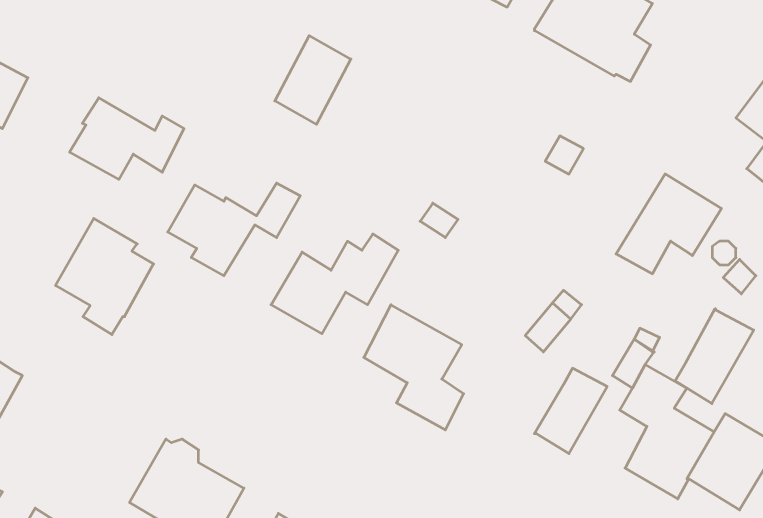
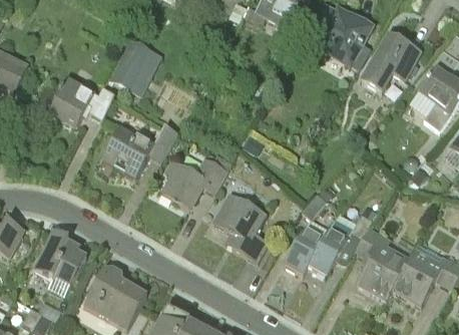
building: [275,36,351,124] -> [110,40,152,89]
building: [616,174,721,274] -> [361,35,419,90]
building: [56,218,154,335] -> [32,232,86,296]
building: [675,309,754,404] -> none
building: none -> [284,226,323,274]

